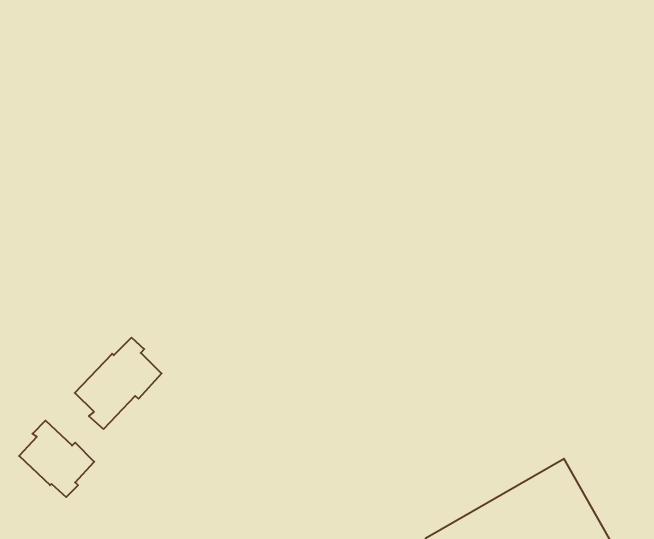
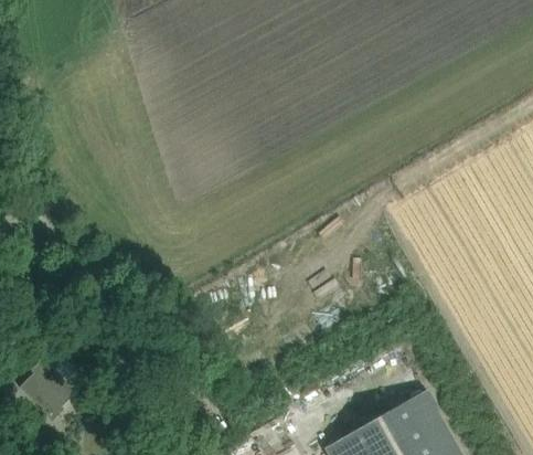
building: [75,338,162,429] -> none

